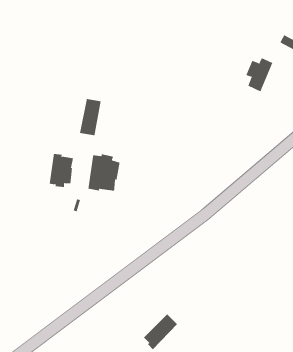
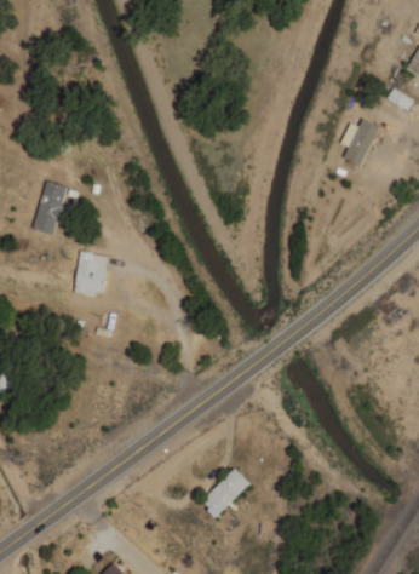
building: [79,98,101,136] -> [35,183,65,234]
building: [88,154,120,192] -> none

